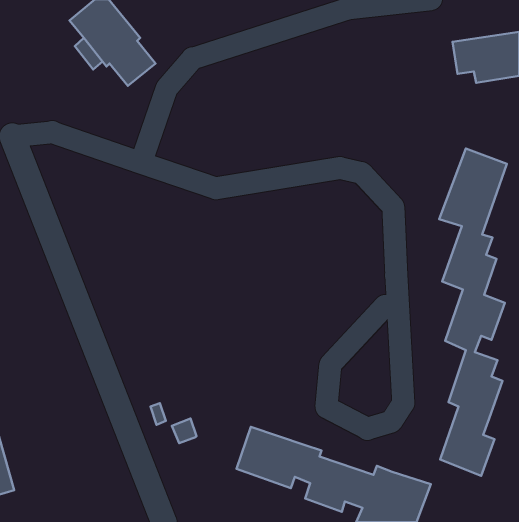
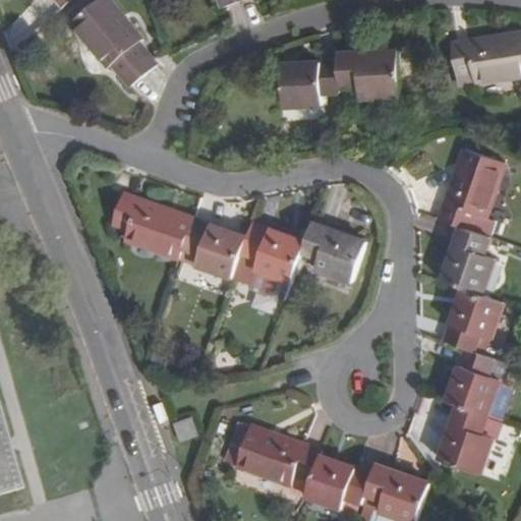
building: none -> [281,50,399,106]
building: none -> [110,192,364,297]

